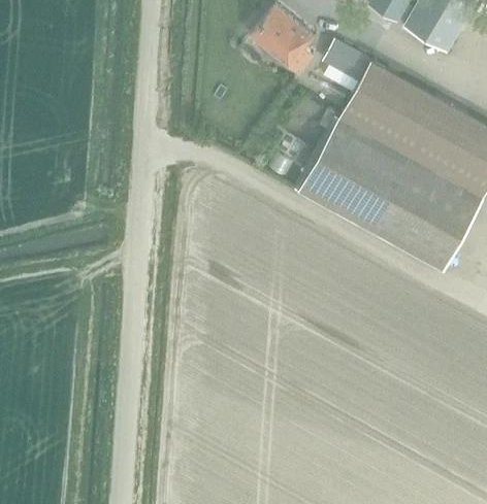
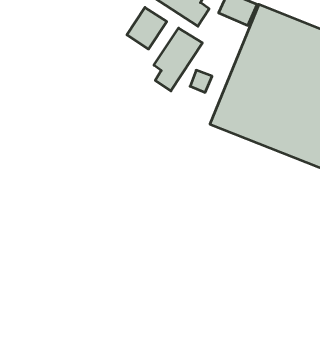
building: none -> [127,7,167,49]
building: none -> [154,28,202,91]

